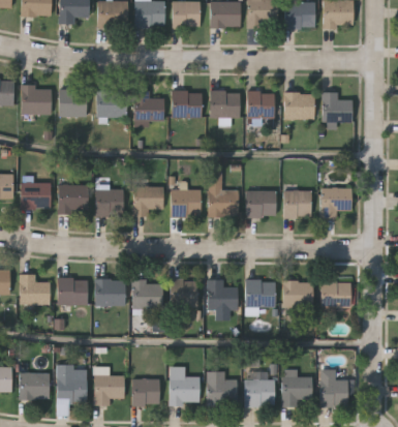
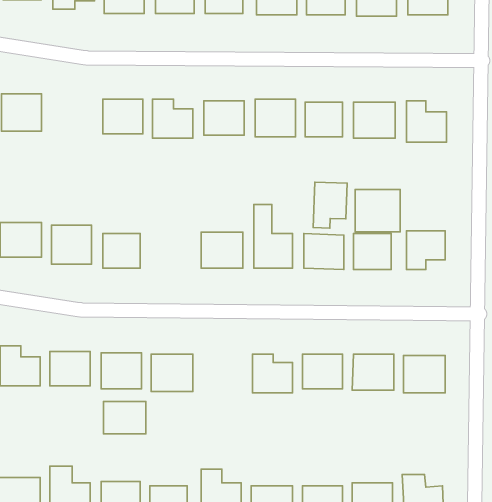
building: [59,90,87,116] -> none
building: none -> [313,182,347,228]
building: none -> [355,190,400,232]
building: [133,186,163,216] -> none
building: [171,280,197,307] -> none
building: none -> [103,401,146,434]

